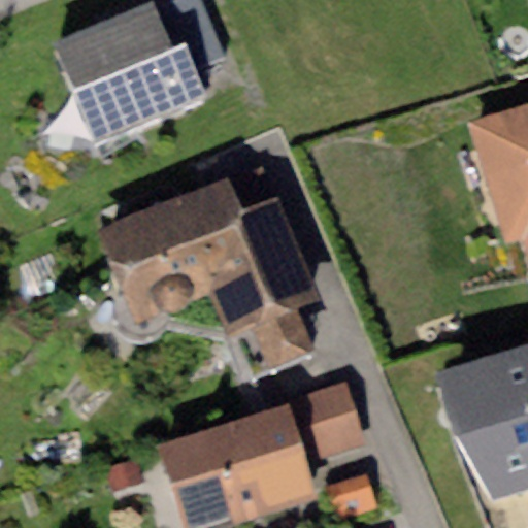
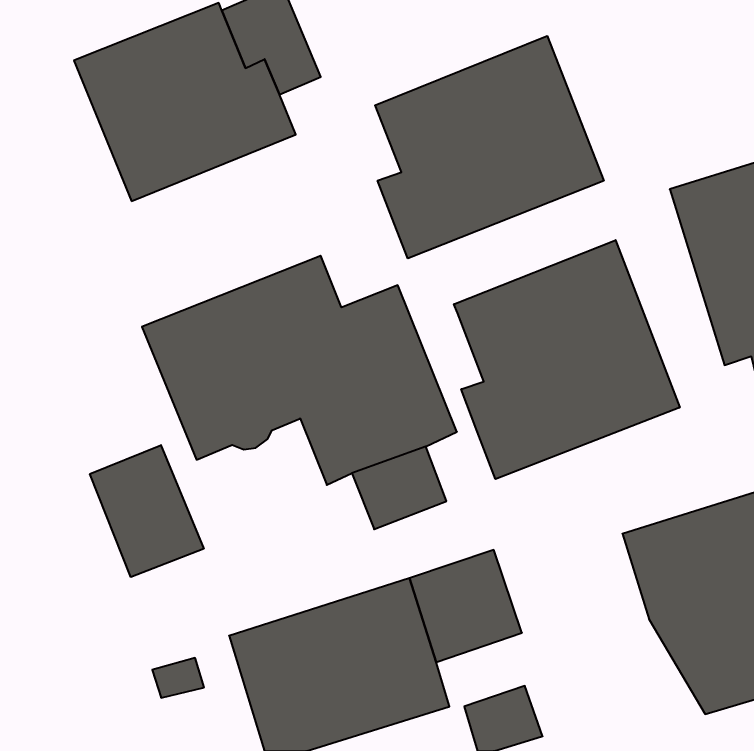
building: none -> [375,36,604,258]
building: none -> [454,240,680,479]
building: none -> [90,445,204,577]

